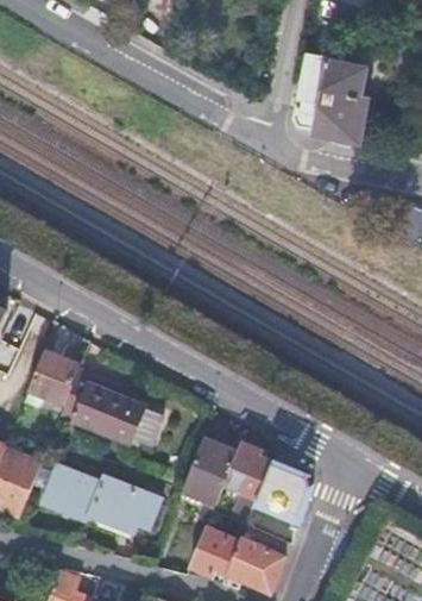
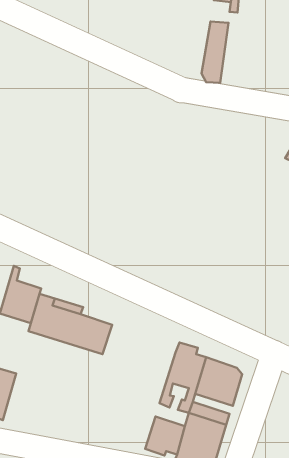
building: [314,60,371,145] -> none
building: [178,437,235,512] -> none
building: [42,470,164,531] -> none

